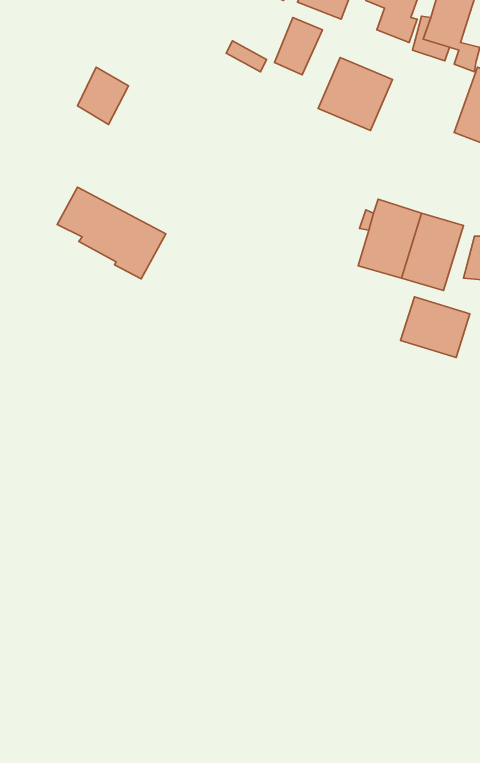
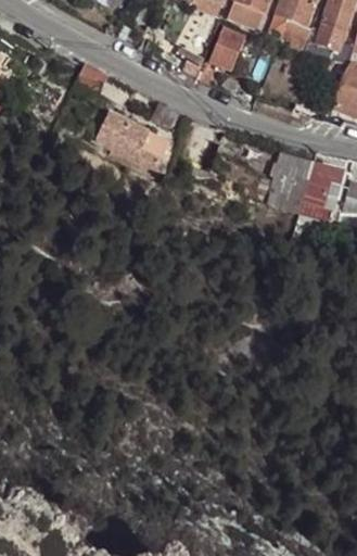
building: [318,57,393,130] -> none
building: [57,187,166,279] -> [95,110,171,174]
building: [400,297,470,358] -> none

